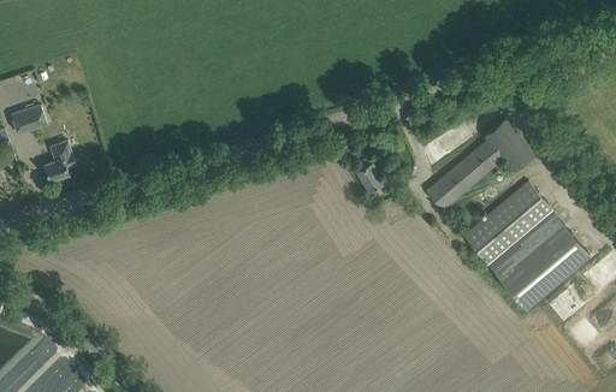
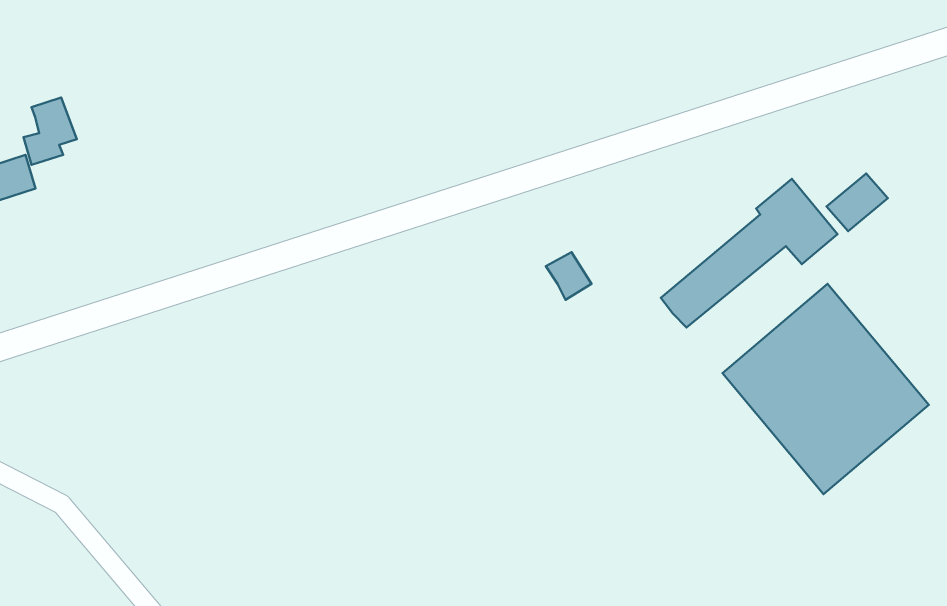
building: none -> [826,174,888,231]
building: [45,139,77,180] -> [23,97,77,165]

